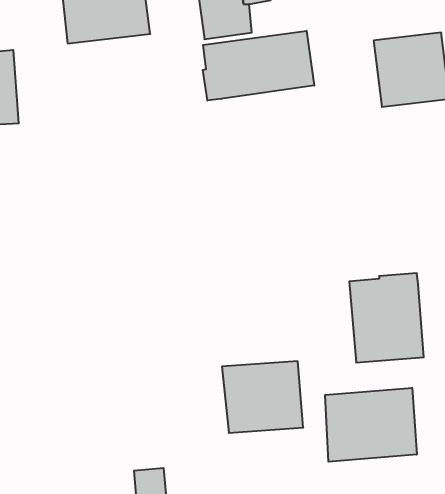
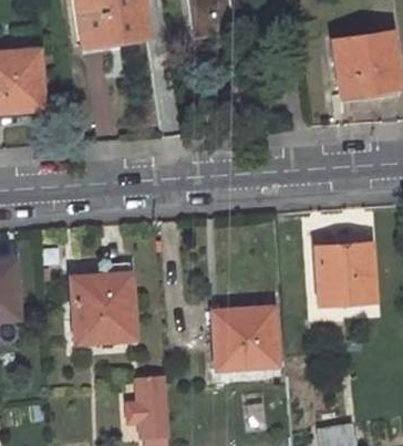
building: [203,31,314,101] -> none
building: none -> [72,273,135,342]
building: [325,388,417,462] -> none

